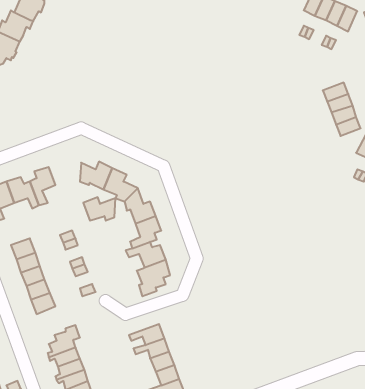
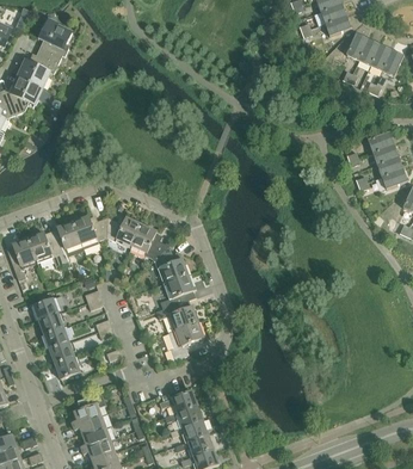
building: [83,197,116,221] -> [73,216,107,241]

